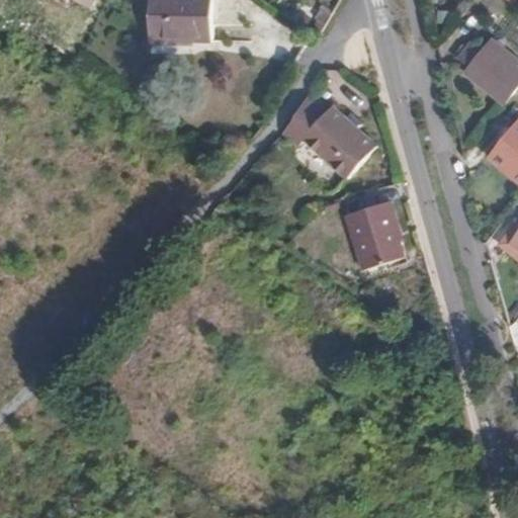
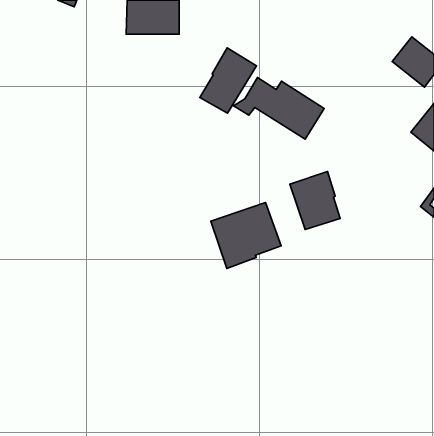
building: none -> [200,48,256,113]
building: none -> [211,203,281,268]

